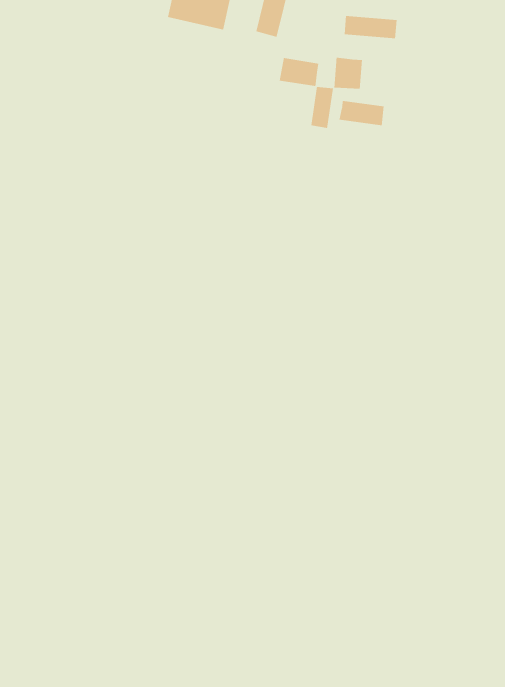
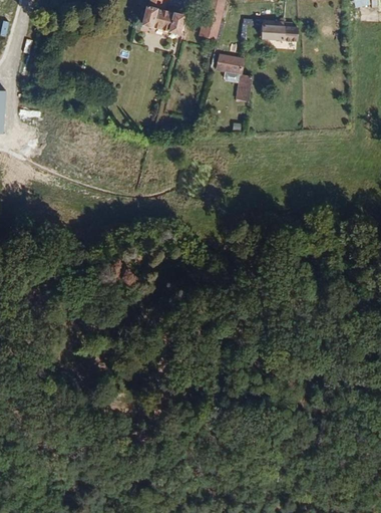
building: [334,57,363,90] -> none
building: [339,100,384,126] -> none

